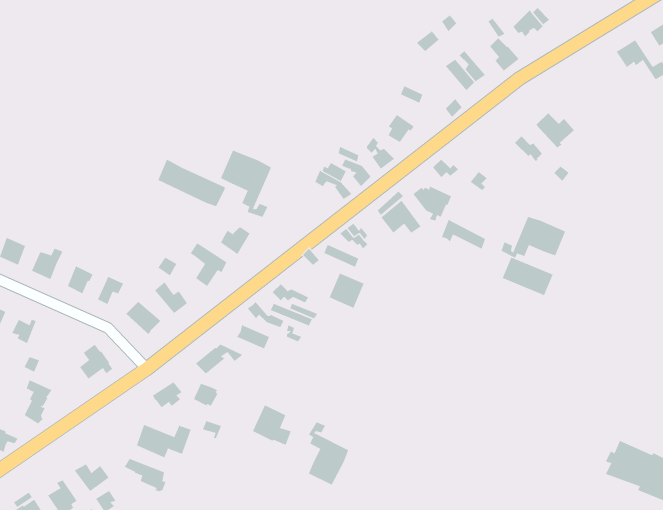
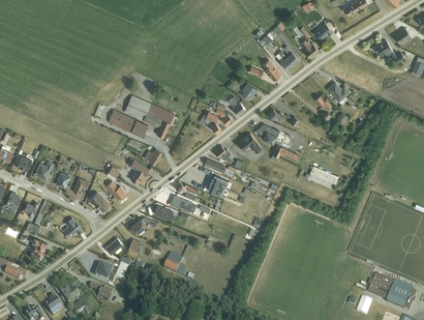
building: none -> [123,94,151,120]
building: [501,216,566,259] -> none
building: [308,421,349,486] -> none

